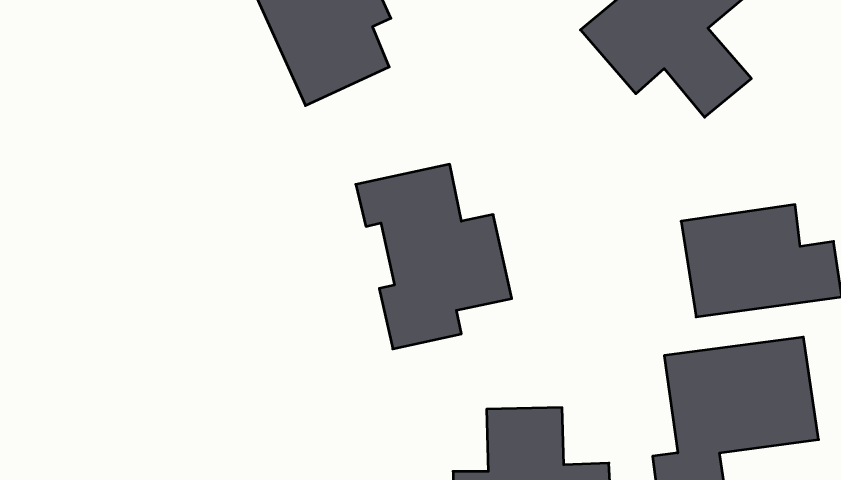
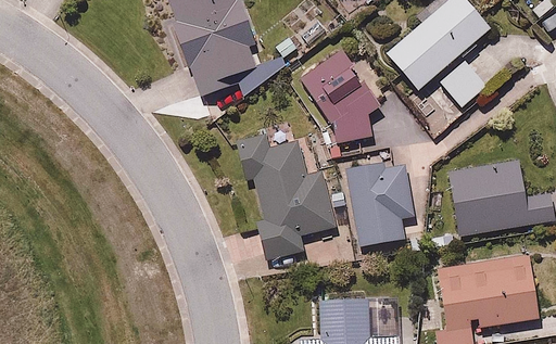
building: none -> [296,44,392,143]
building: none -> [340,162,414,250]

